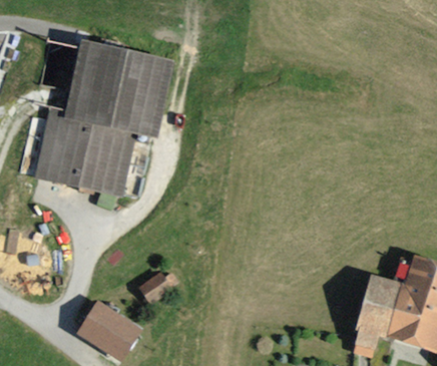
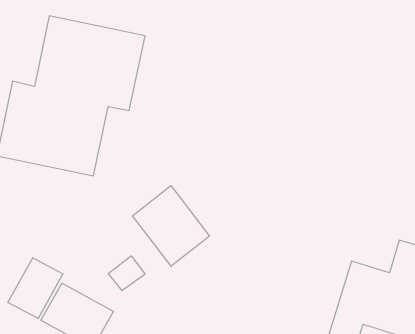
building: none -> [133,186,209,266]
building: none -> [8,258,63,319]

